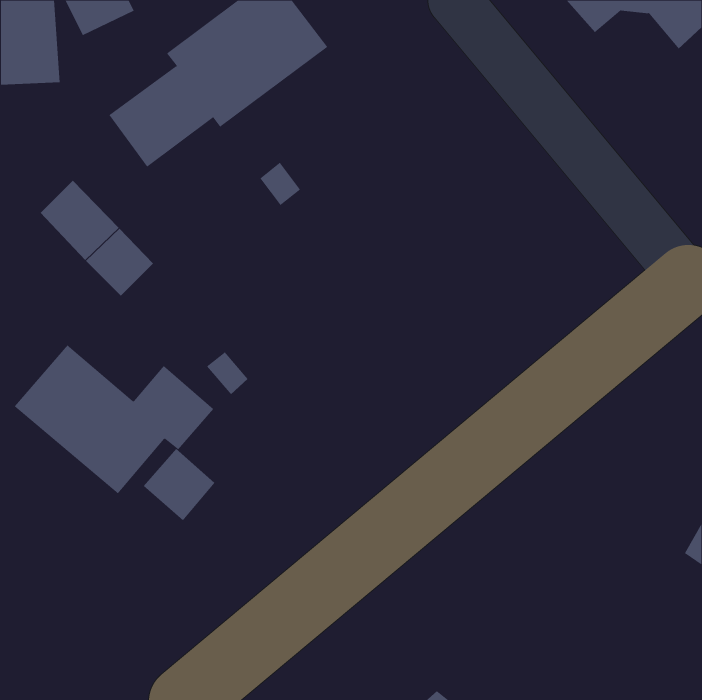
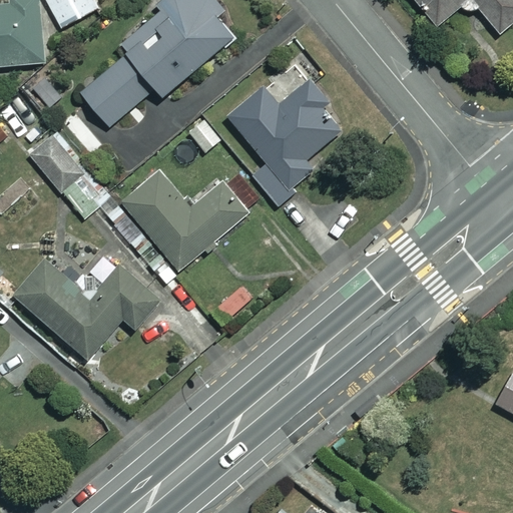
building: none -> [228,78,339,204]
building: none -> [125,169,247,268]
building: [143,448,215,521] -> none

